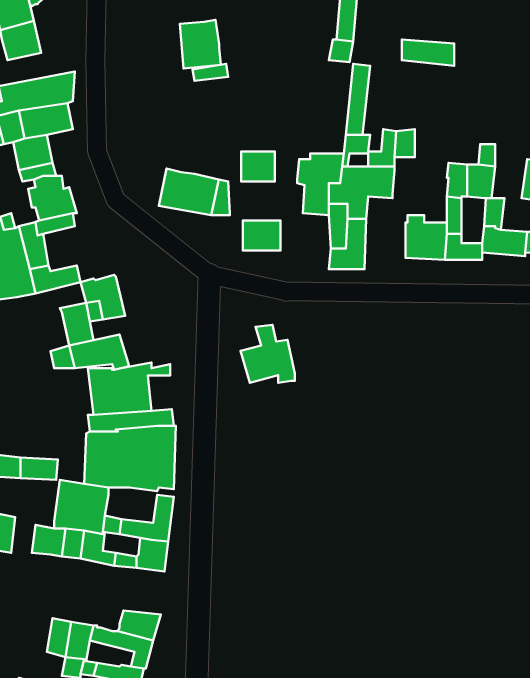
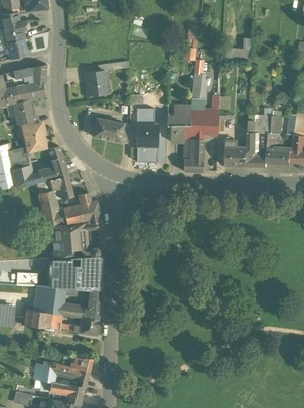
building: [180,20,221,68] -> [84,71,106,97]
building: none -> [135,125,156,146]
building: none -> [46,146,66,179]
building: [241,325,295,383] -> [69,193,99,224]

